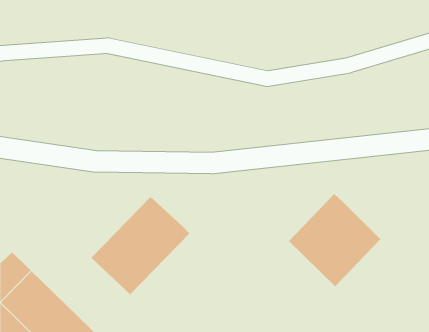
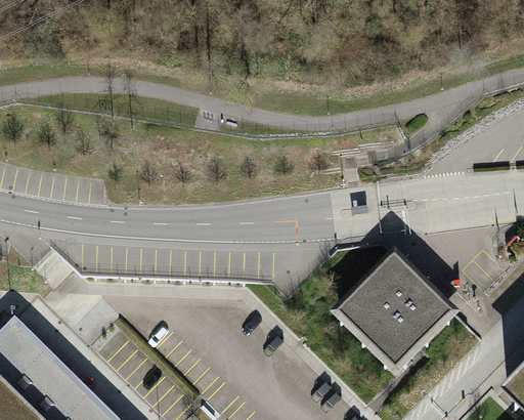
building: [90,196,190,295] -> none

